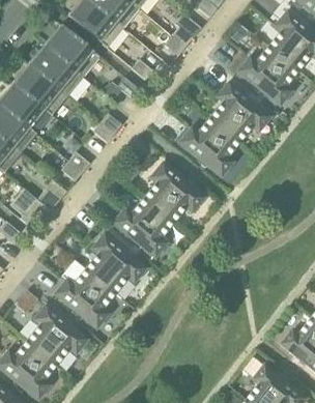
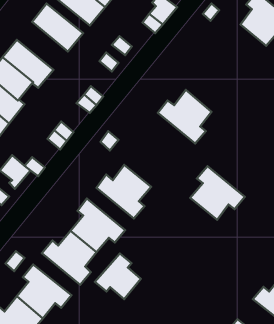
building: [28,44,83,95] -> none
building: [238,47,297,105] -> none
building: [210,83,269,141] -> none
building: [144,164,203,222] -> [190,166,245,220]
building: none -> [95,254,141,299]

